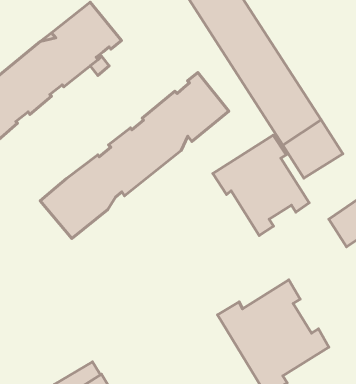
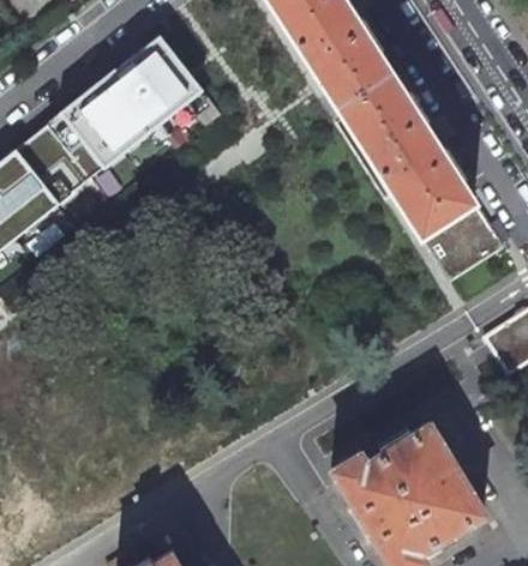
building: [40,73,229,239] -> none
building: [213,135,309,235] -> none

